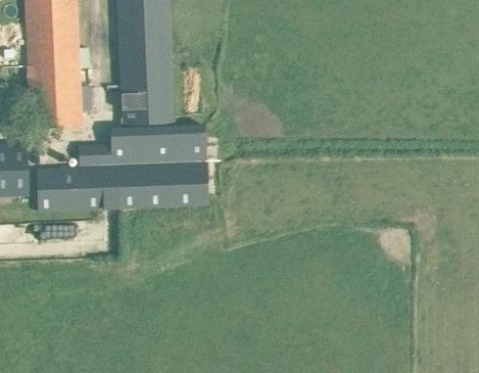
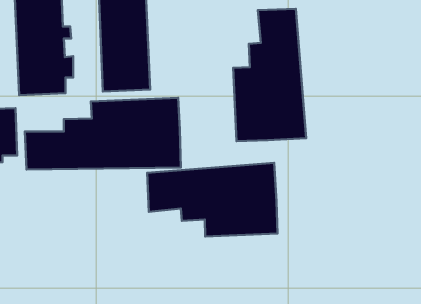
building: none -> [233,9,306,141]
building: none -> [147,163,277,237]

